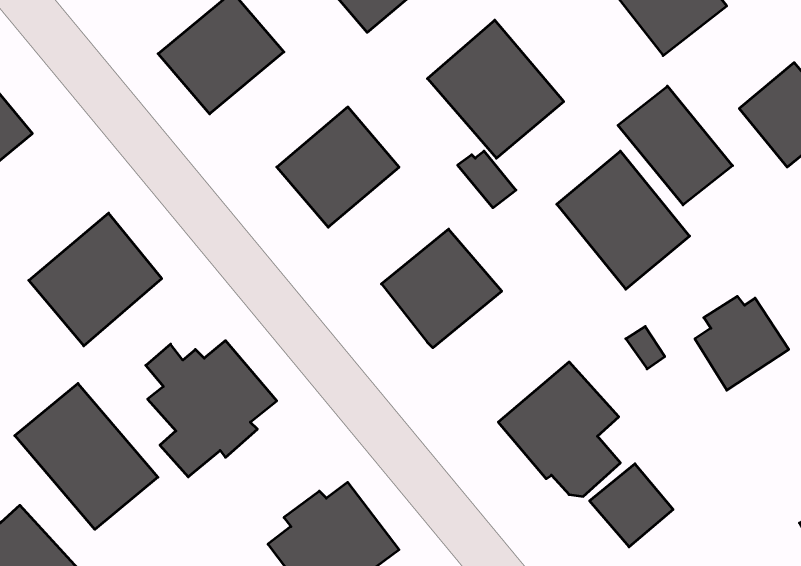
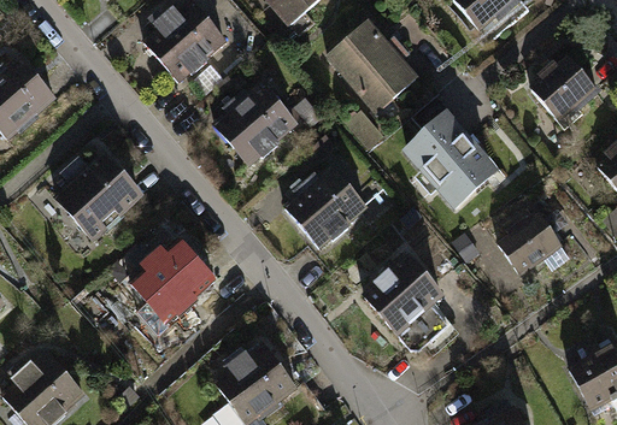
building: [618,86,733,205] -> none
building: [15,383,158,529] -> none
building: [590,464,673,547] -> none

